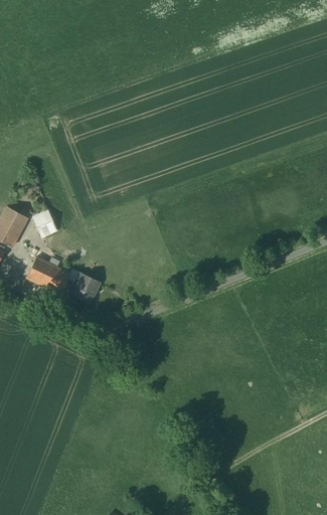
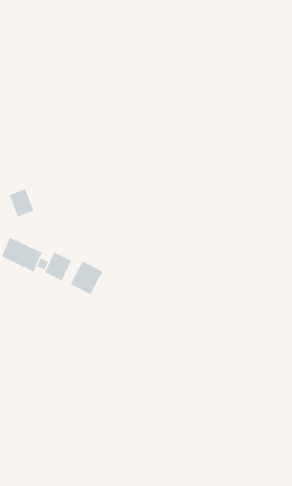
building: none -> [70,261,103,295]

